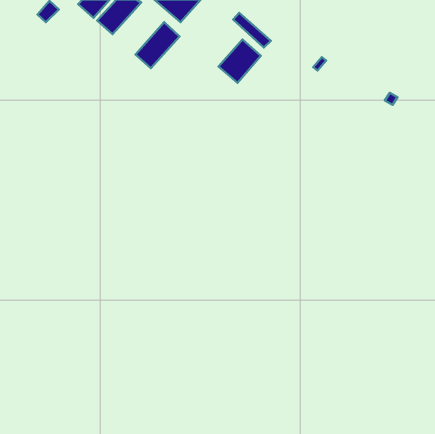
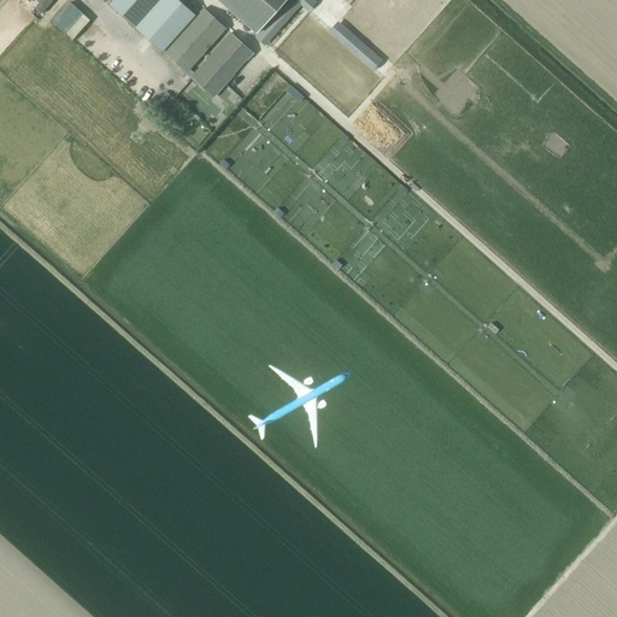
building: none -> [163,6,228,72]
building: [219,39,261,83] -> none

